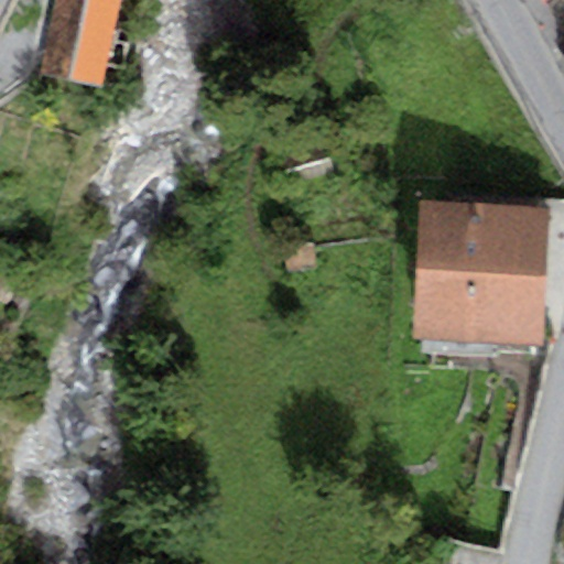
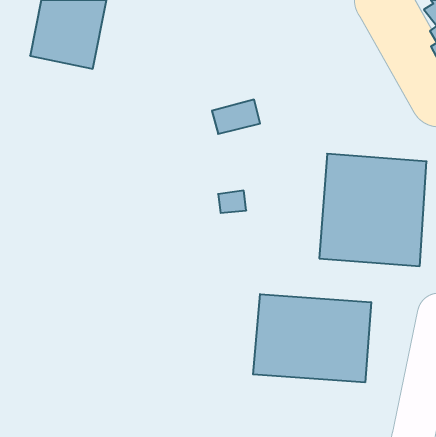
building: none -> [253,294,371,382]

